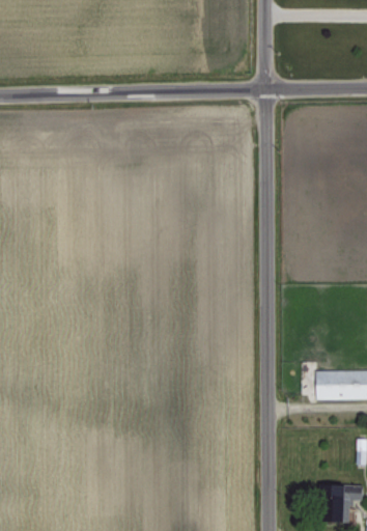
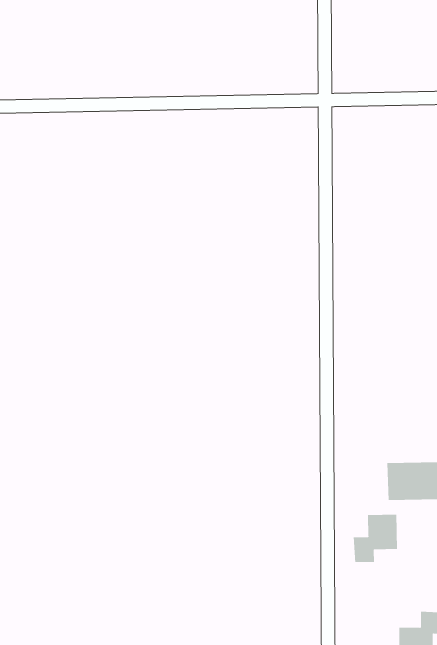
building: none -> [353,514,397,563]

